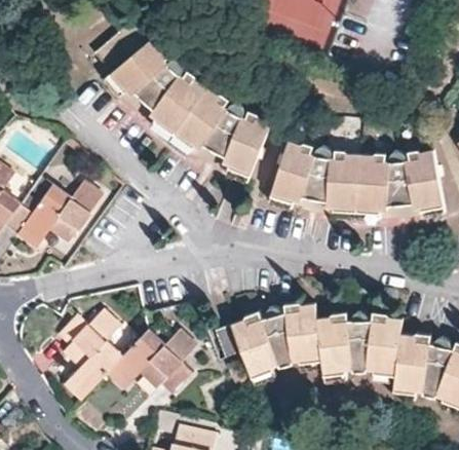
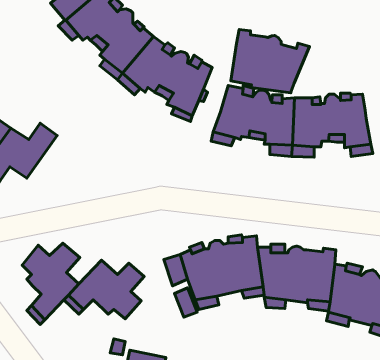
building: none -> [231,30,310,93]

